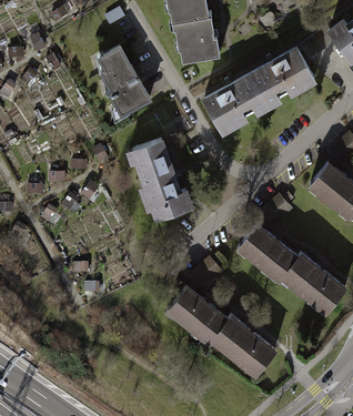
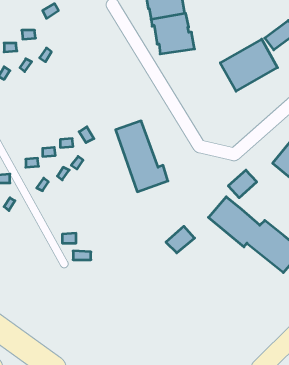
building: [99,45,150,115] -> none
building: [203,73,268,131] -> none
building: [167,287,272,373] -> none

